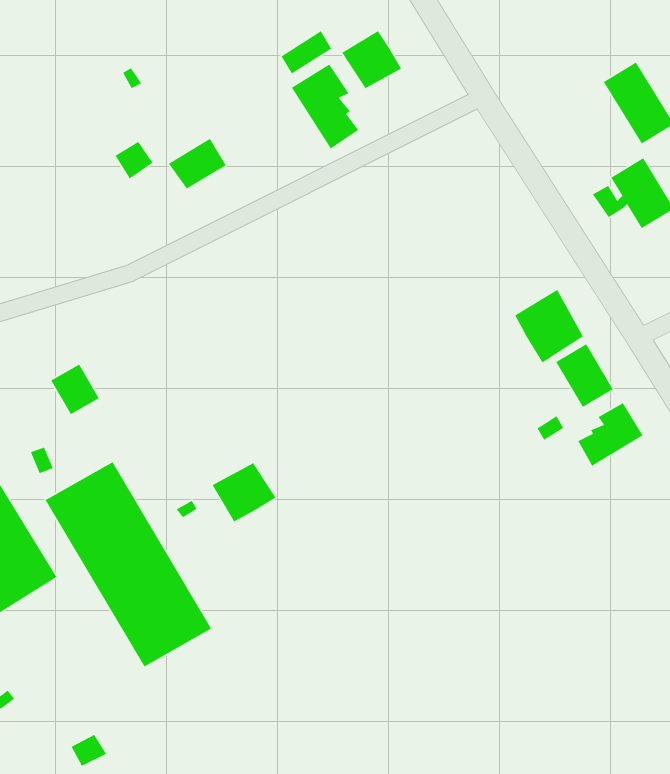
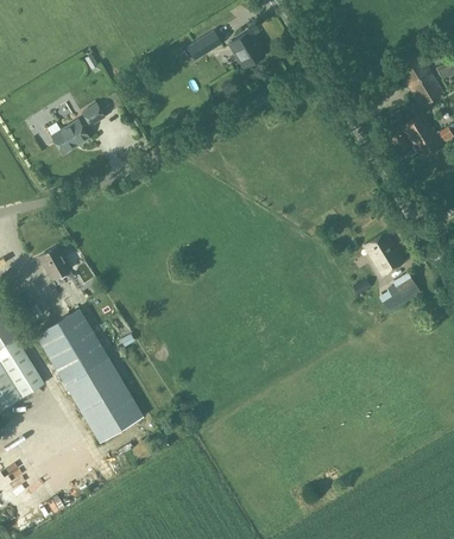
building: [291,63,359,150] -> none
building: [168,138,227,189] -> [50,120,88,153]
building: [514,289,584,364] -> none
building: [211,462,277,523] -> none

